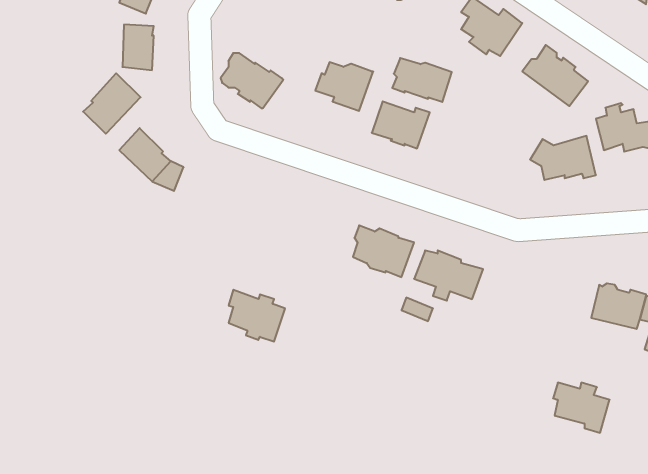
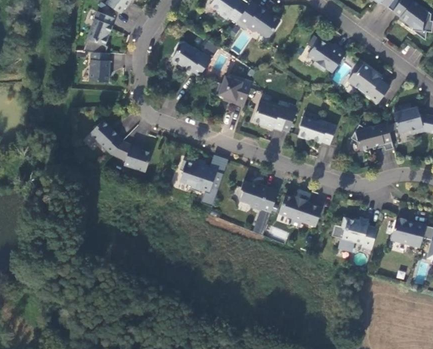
building: [221,53,283,108] -> [171,41,211,76]
building: [392,58,452,102] -> [297,117,335,145]
building: [83,73,141,134] -> none
building: none -> [123,143,151,170]
building: [229,290,285,342] -> [179,158,215,191]
building: [553,383,610,433] -> [341,216,377,248]

